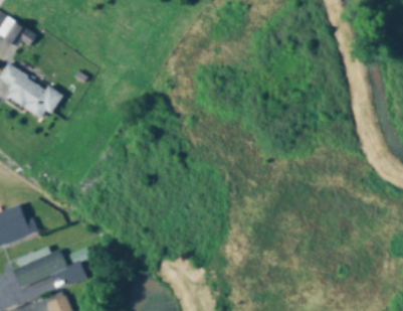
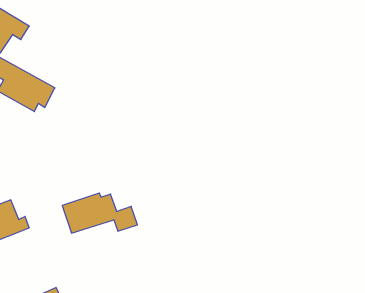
building: [12,248,85,287] -> [62,193,137,233]

